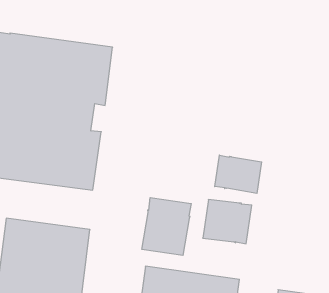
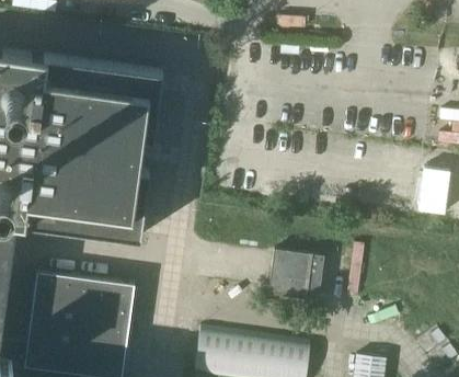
building: [215,155,262,193] -> none
building: [142,198,191,255] -> none

